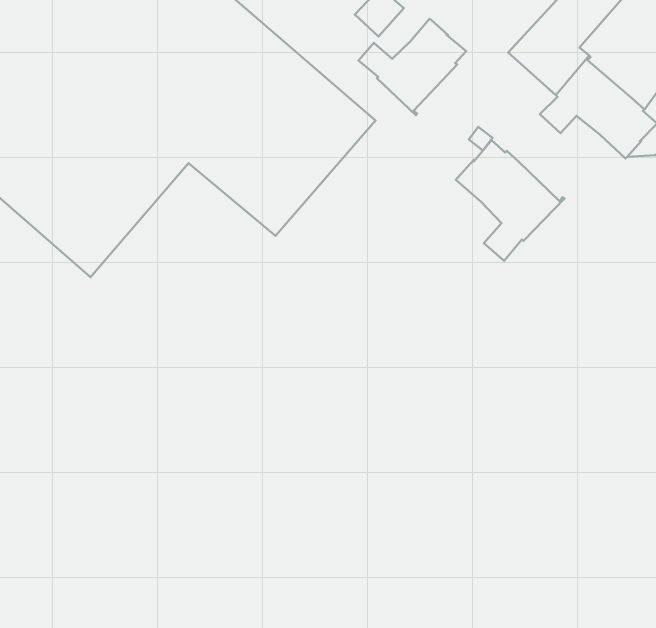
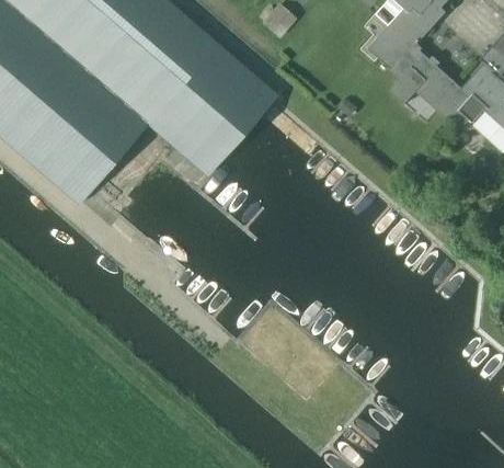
building: [358,19,466,115] -> none
building: [456,140,564,261] -> none

